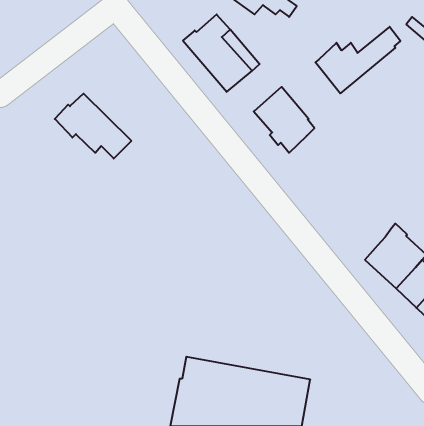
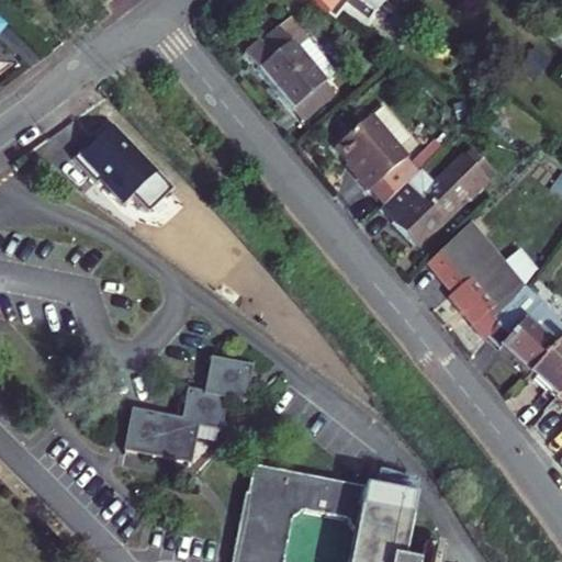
building: [315,27,400,93] -> [381,156,492,243]
building: none -> [426,223,525,340]
building: none -> [126,360,252,461]

